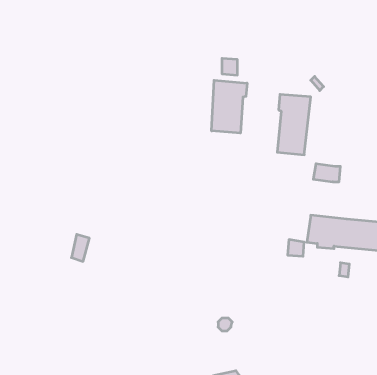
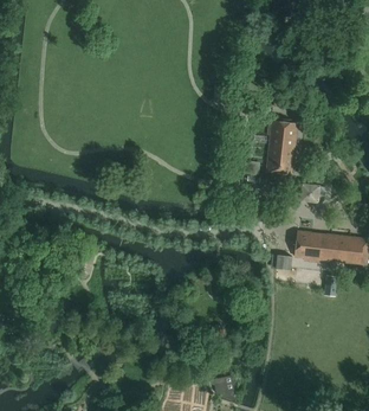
building: [212,80,247,133] -> none

